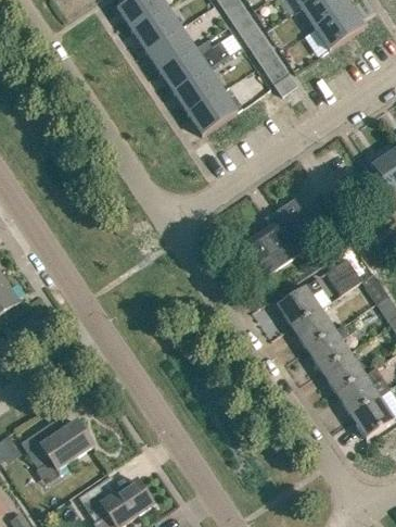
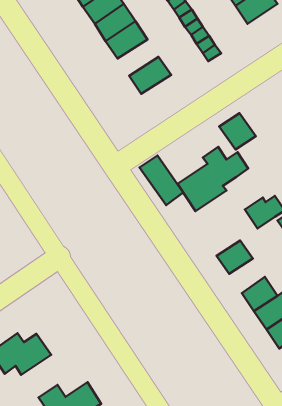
building: [173,68,221,112] -> none
building: none -> [219,113,256,150]
building: none -> [140,155,183,205]
building: [276,278,321,327] -> none
building: [306,324,350,372] -> none

